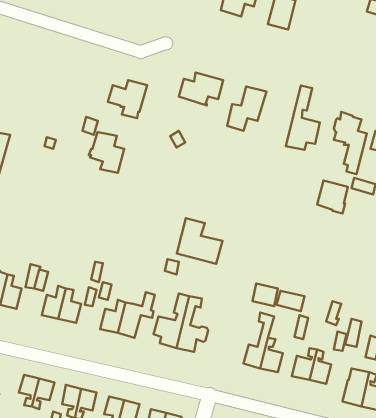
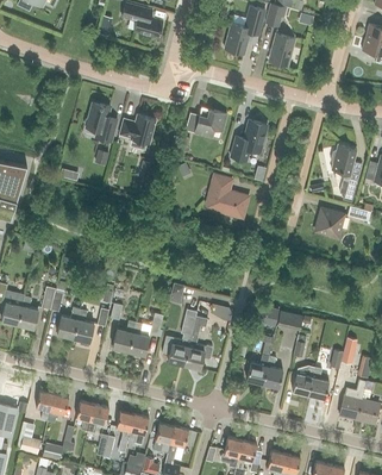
building: [286,85,320,150] -> none
building: [89,132,124,173] -> [84,104,118,142]
building: [177,218,222,264] -> [206,175,249,218]

